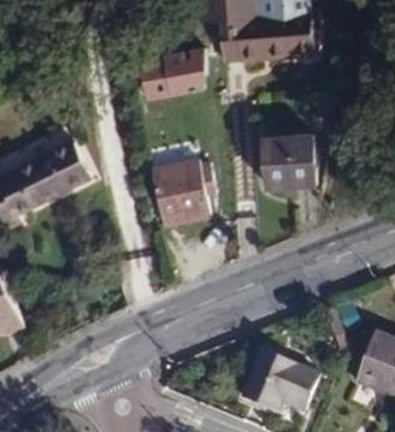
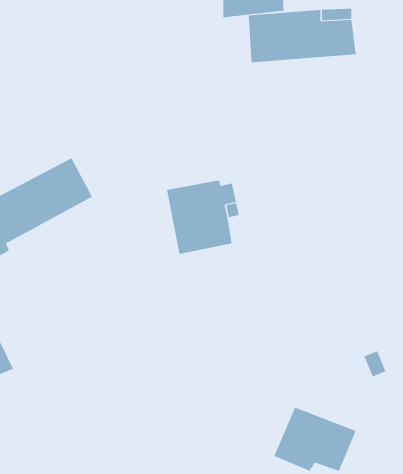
building: [136,46,208,99] -> none
building: [265,136,313,188] -> none

